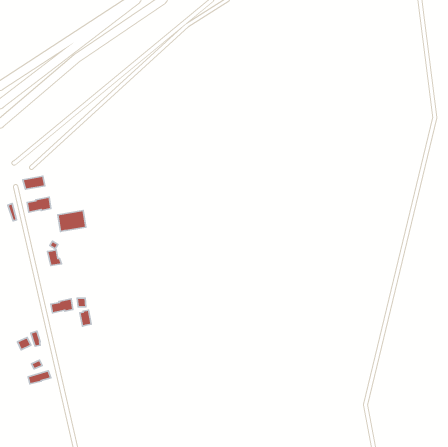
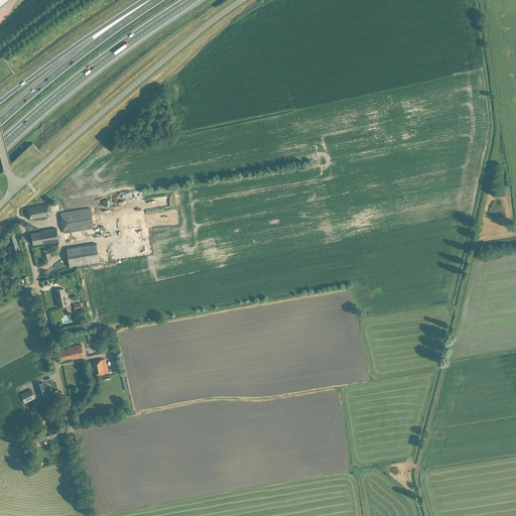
building: none -> [60,207,94,232]

